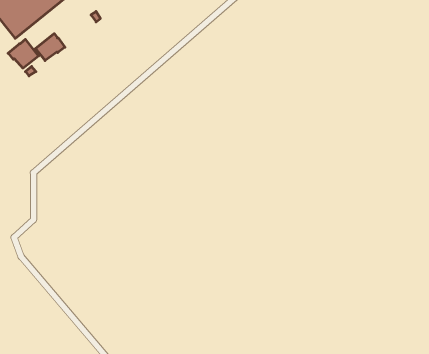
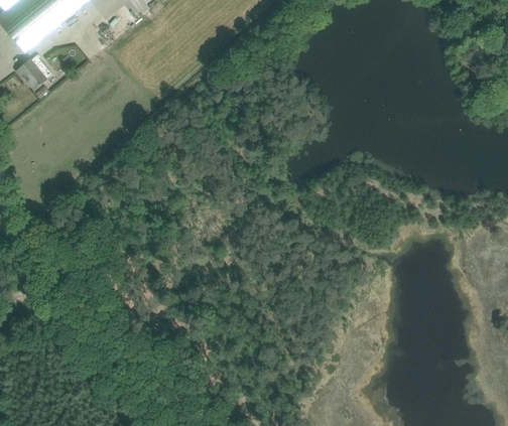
building: [35,34,65,61] -> none

